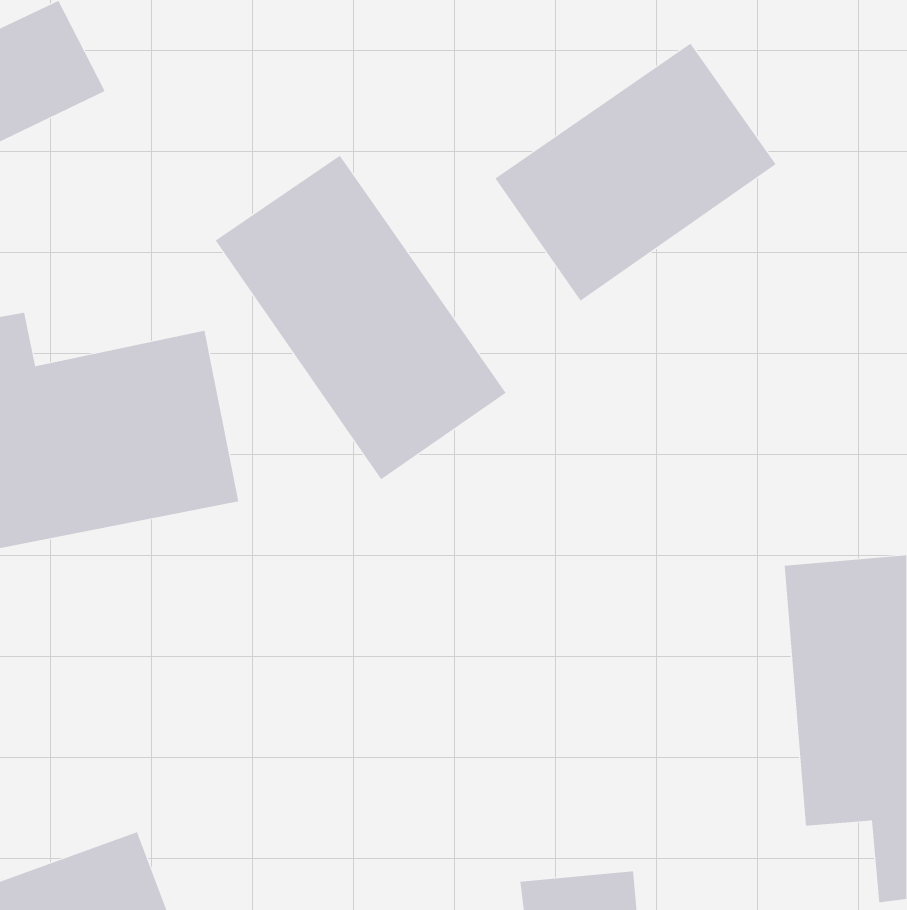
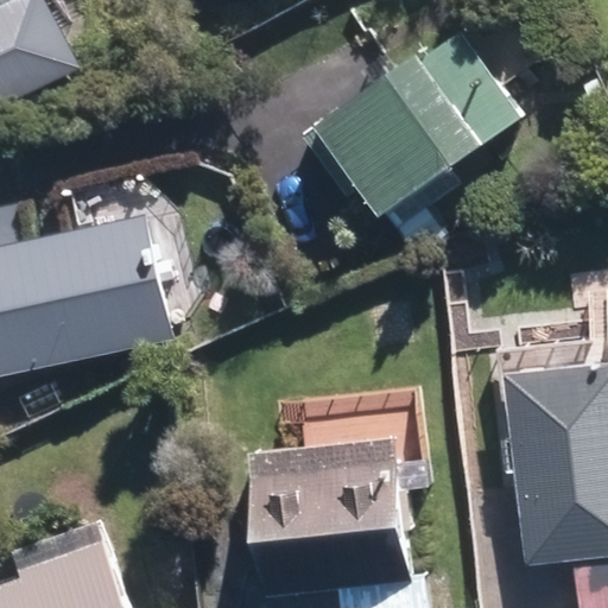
building: [215,155,506,480] -> none
building: none -> [260,448,404,584]

